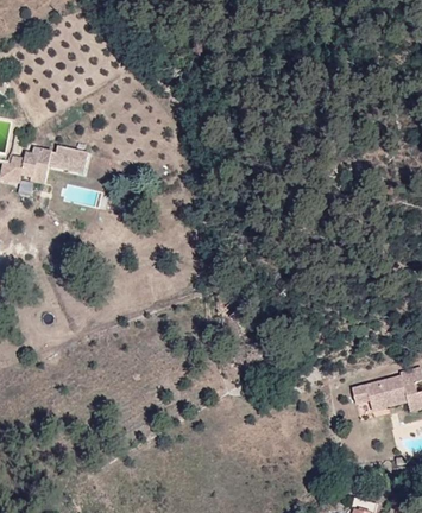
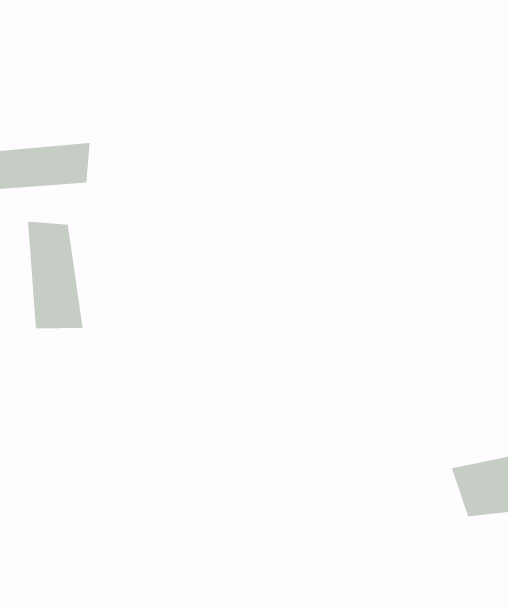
building: none -> [27,221,83,329]

